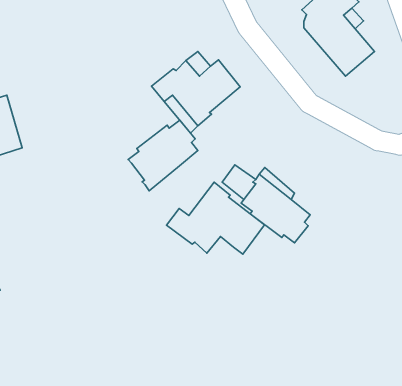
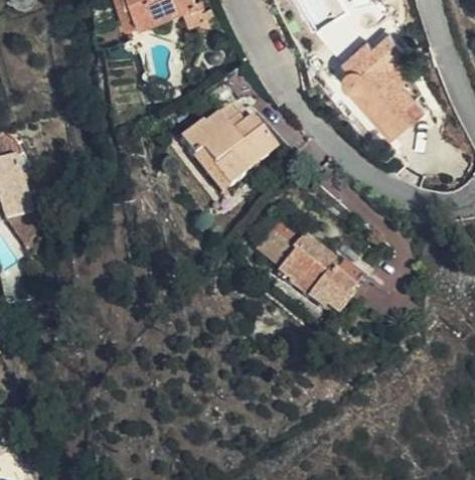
building: [128,120,198,191] -> none
building: [166,182,265,254] -> none

